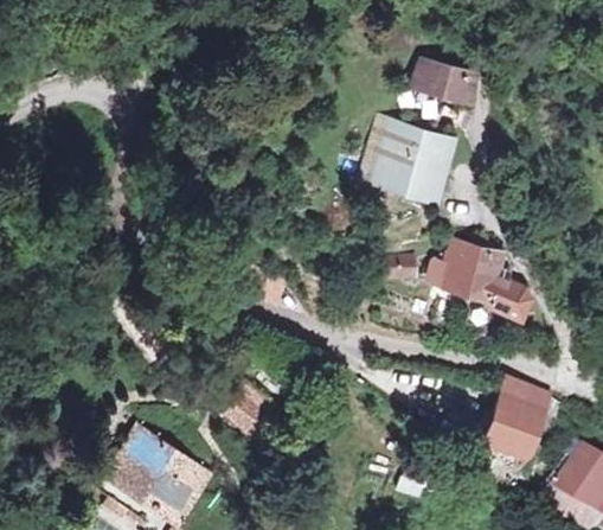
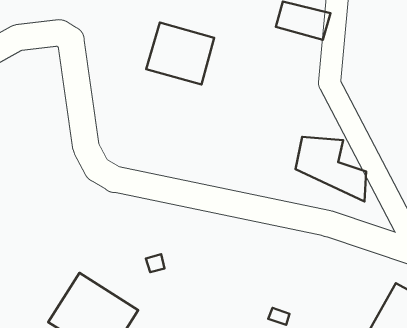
building: [361,121,456,207] -> [146,22,214,85]
building: [486,383,552,464] -> none

